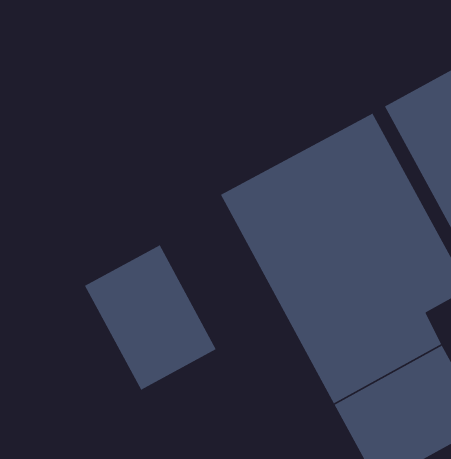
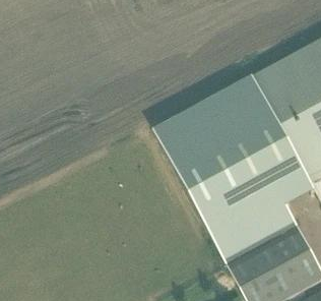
building: [84,244,217,391] -> none

